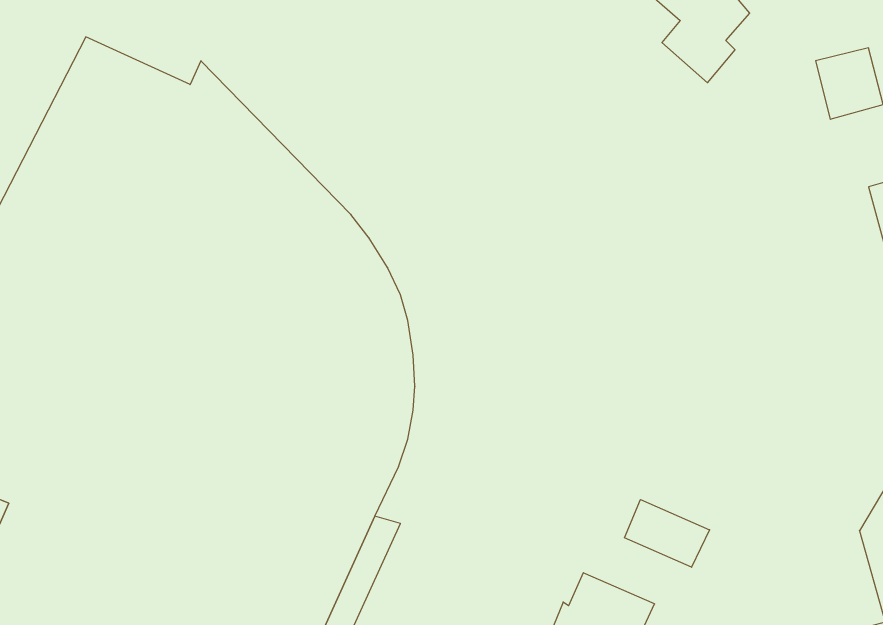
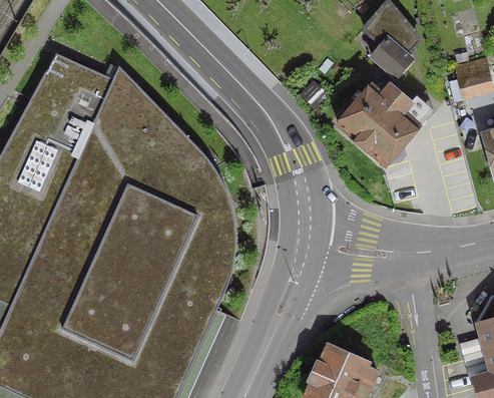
building: none -> [335,83,417,163]
building: [625,500,710,567] -> none

